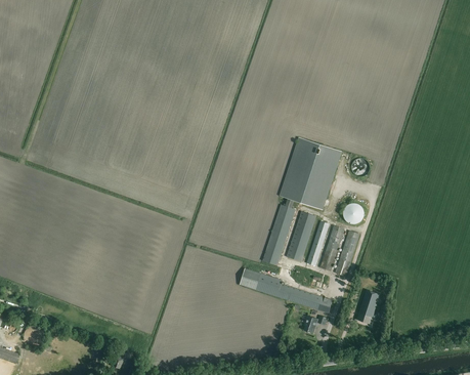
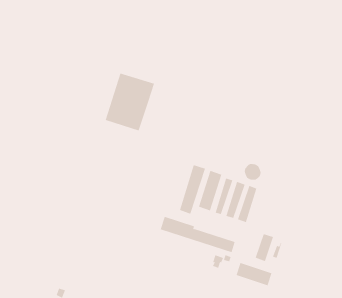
building: [281,138,342,210] -> [105,73,155,131]
building: none -> [236,262,272,286]

